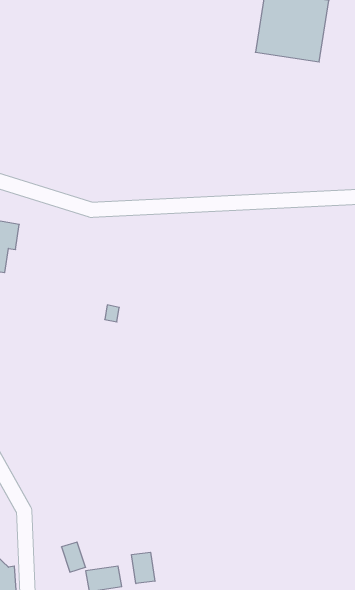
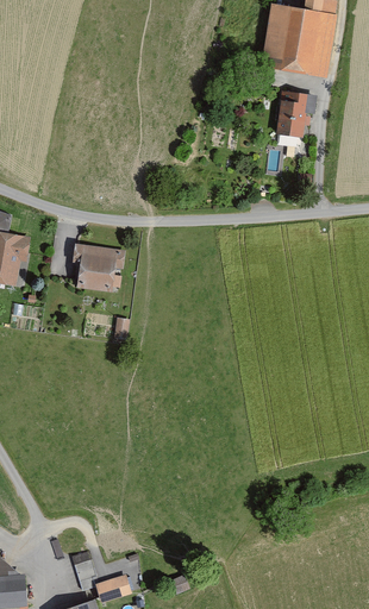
building: none -> [279,93,318,137]
building: none -> [73,243,124,291]
building: [132,552,155,584] -> none

